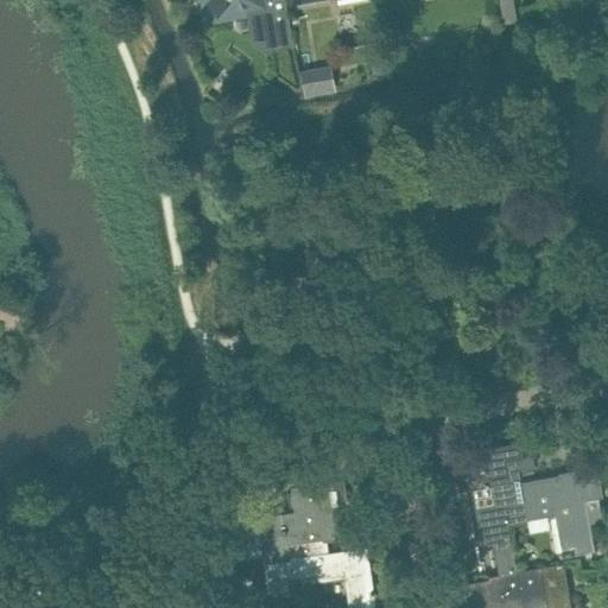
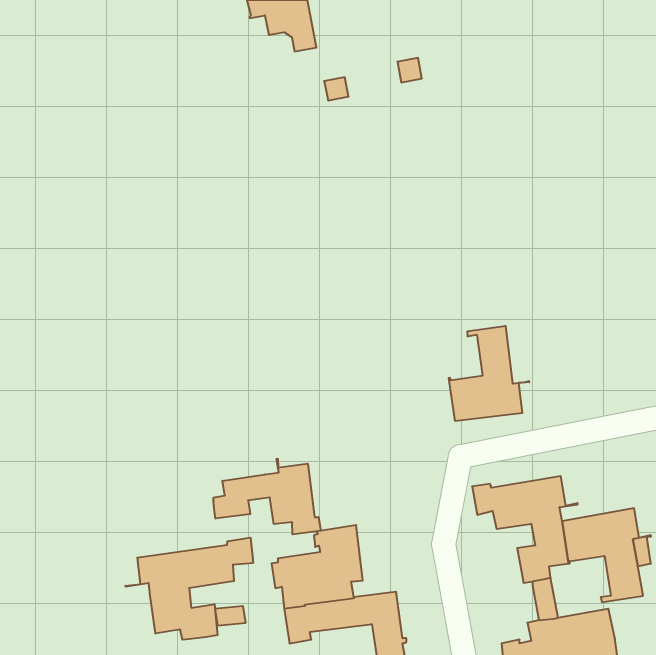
building: none -> [449,326,529,421]
building: none -> [214,459,321,534]
building: none -> [125,538,253,640]

